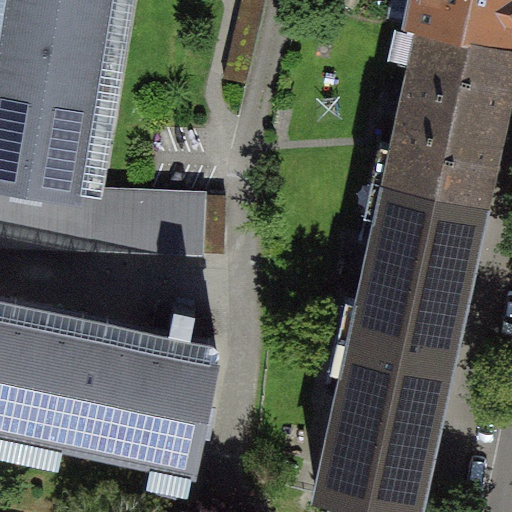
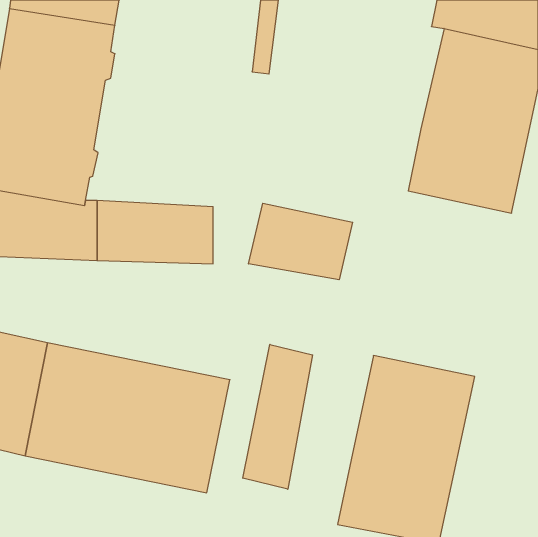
building: [354,183,485,359] -> none
building: none -> [249,203,353,280]
building: none -> [243,344,313,489]

